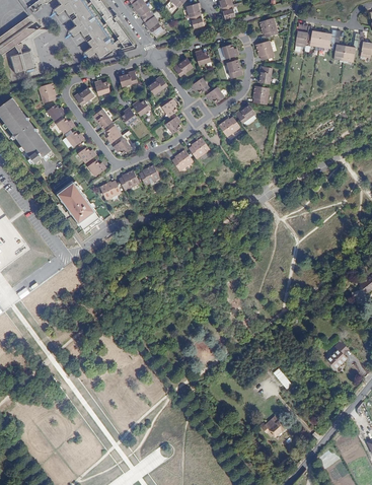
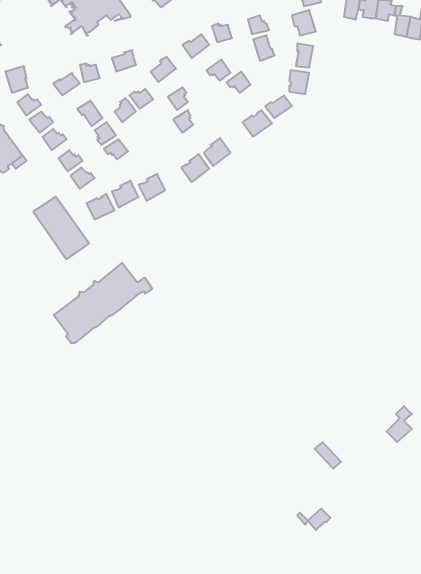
building: none -> [54,263,152,343]

